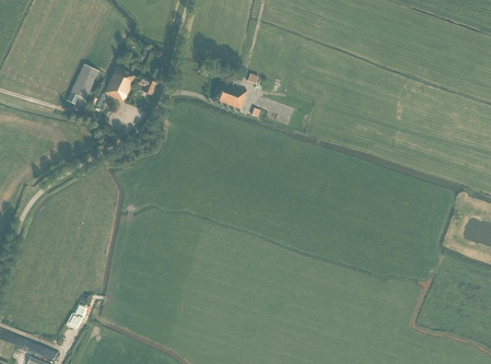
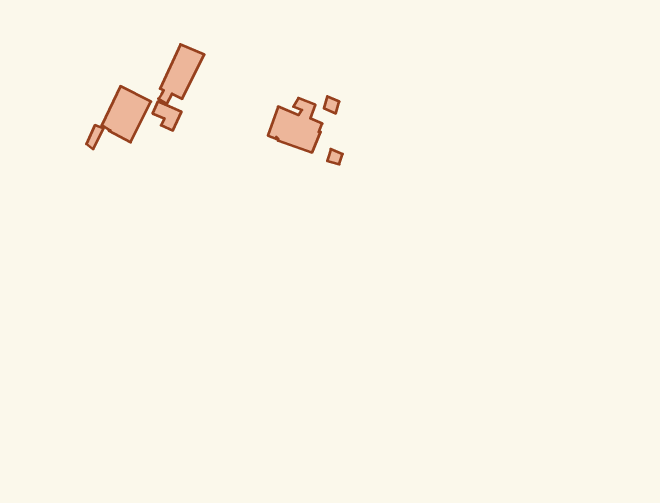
building: [70,64,100,103] -> [158,44,204,104]

